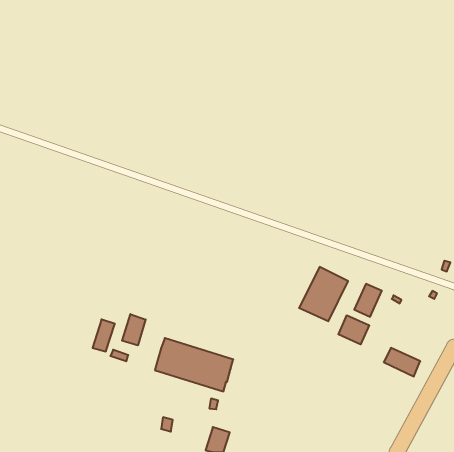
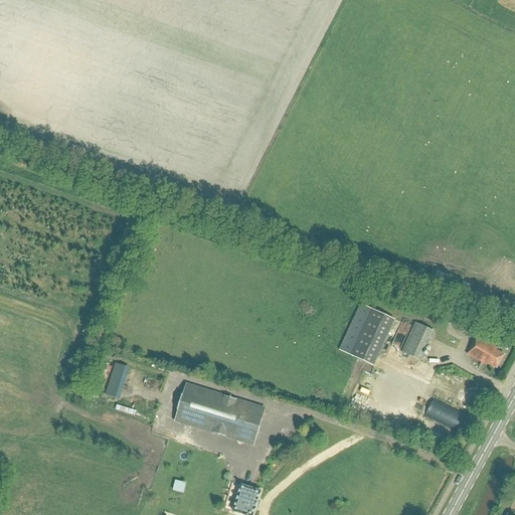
building: none -> [466,335,503,367]
building: [122,314,146,345] -> none
building: [338,315,369,344] -> none

